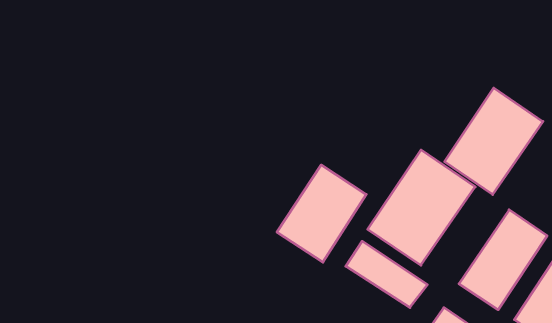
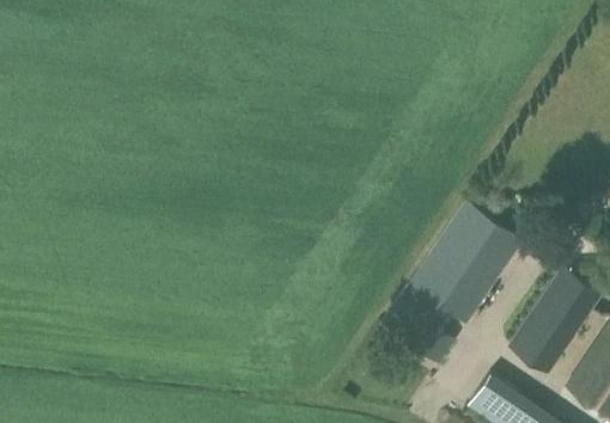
building: [445,88,543,195] -> none
building: [277,165,366,262] -> none

